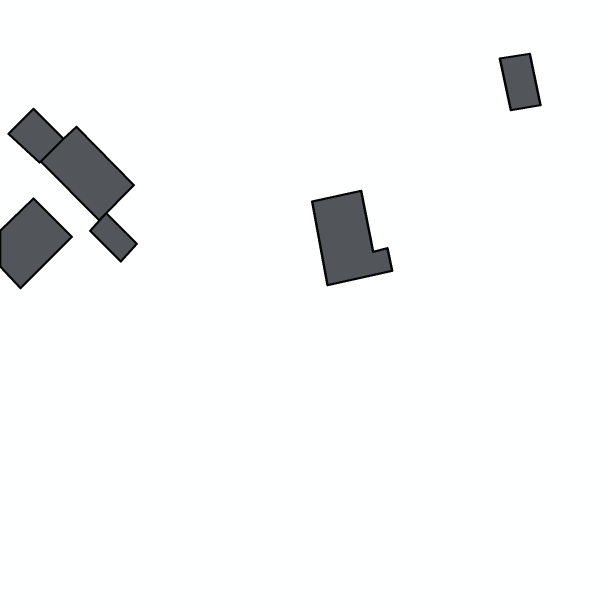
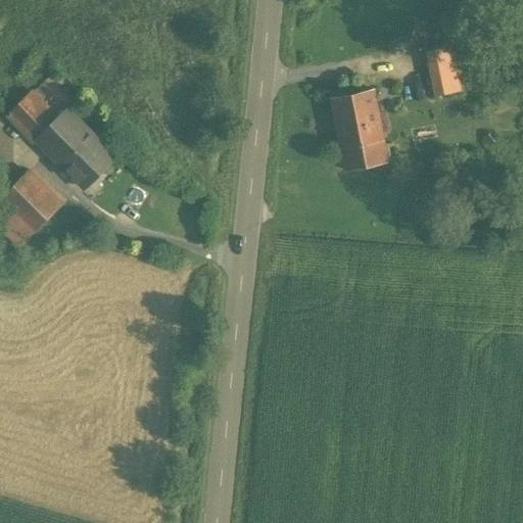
building: [312,191,392,285] -> [332,89,400,170]
building: [90,213,137,262] -> none

